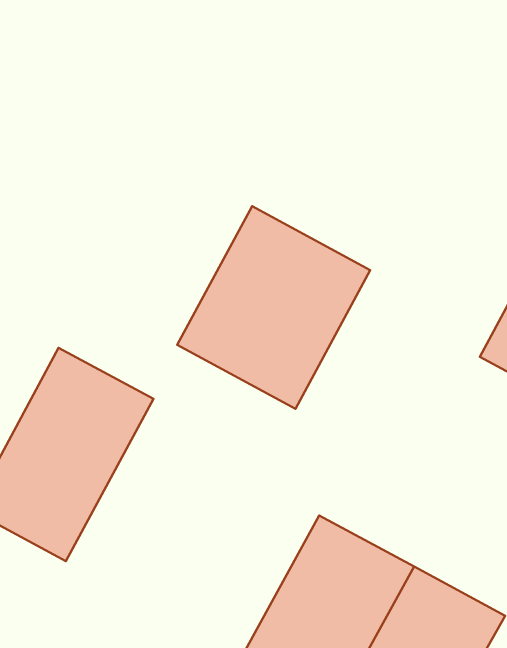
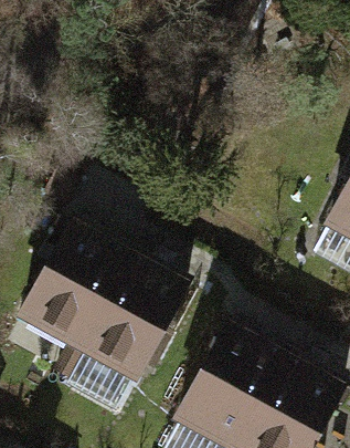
building: [177,206,370,409] -> none
building: none -> [66,265,174,394]

